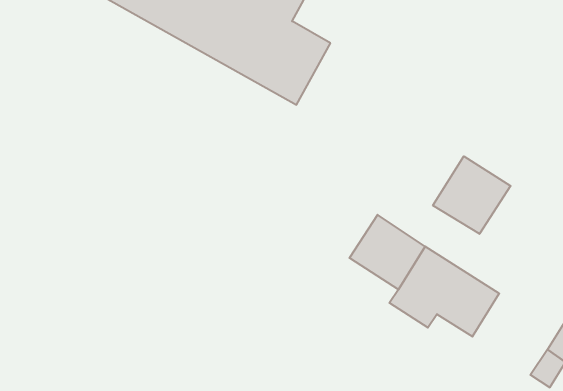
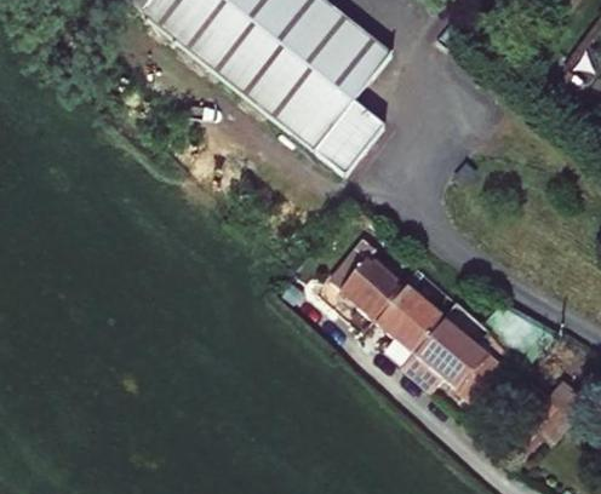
building: [433,156,511,234] -> none
building: none -> [332,242,405,314]

